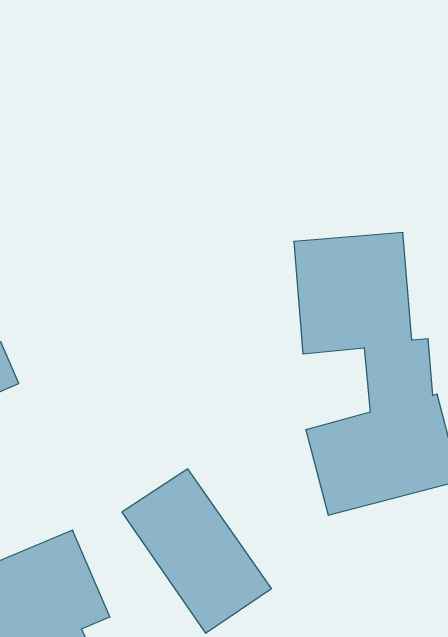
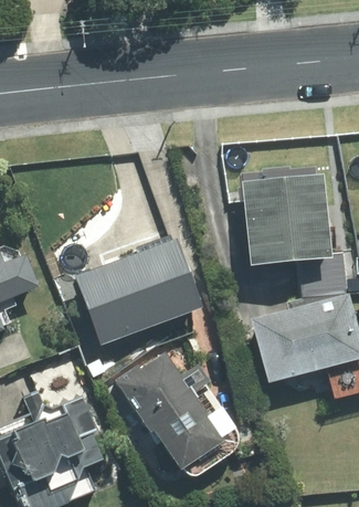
building: none -> [78,239,202,344]

